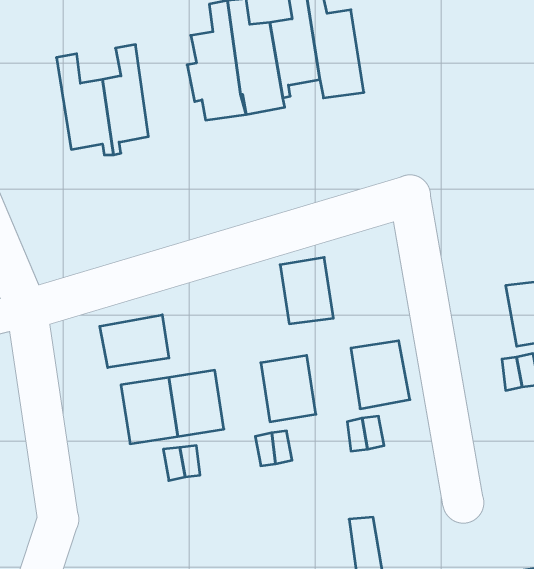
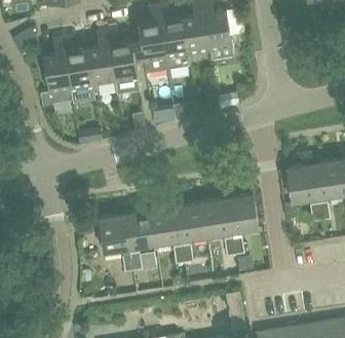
building: none -> [107,28,140,84]
building: none -> [43,37,71,99]
building: [280,257,333,324] -> [202,199,232,236]
building: none -> [288,164,319,202]
building: [100,315,169,368] -> none
building: none -> [151,208,182,245]

